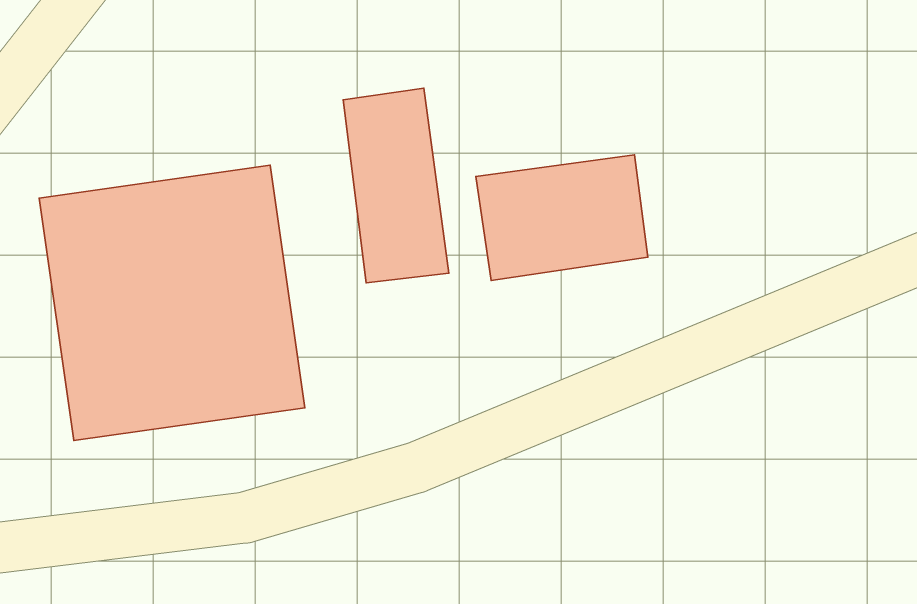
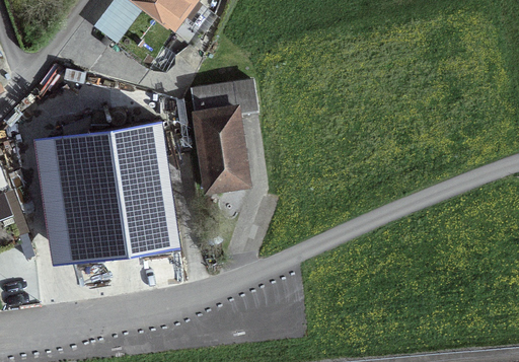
building: [476,155,648,280] -> none

